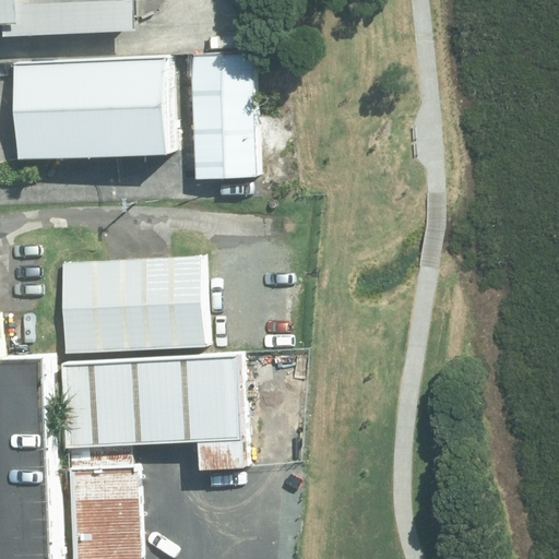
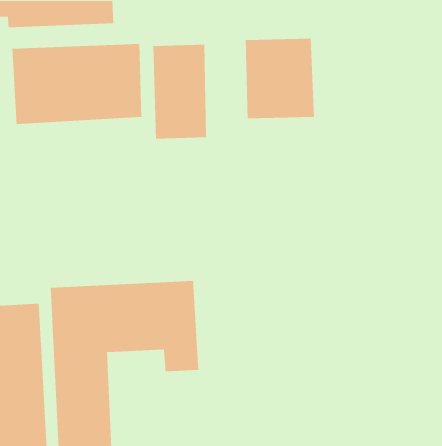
building: none -> [245,38,315,119]
building: [58,255,210,353] -> none

